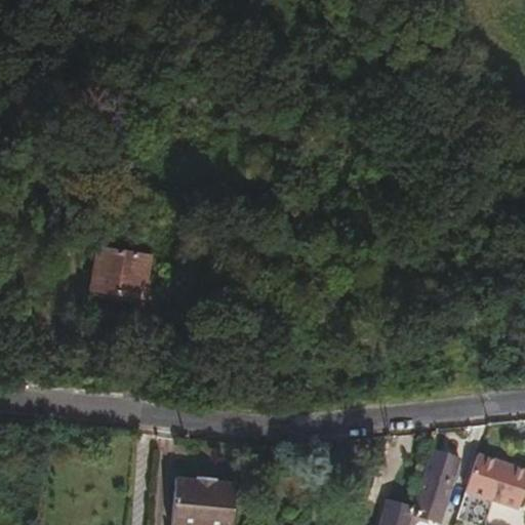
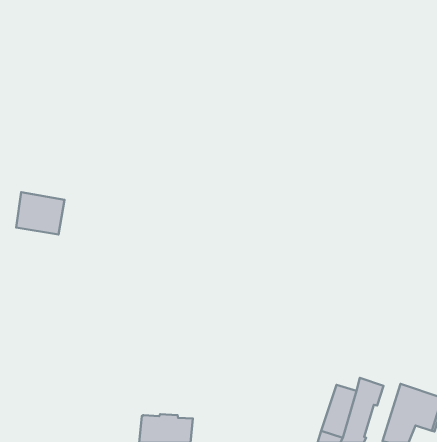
building: [95,247,153,297] -> [16,192,65,234]

